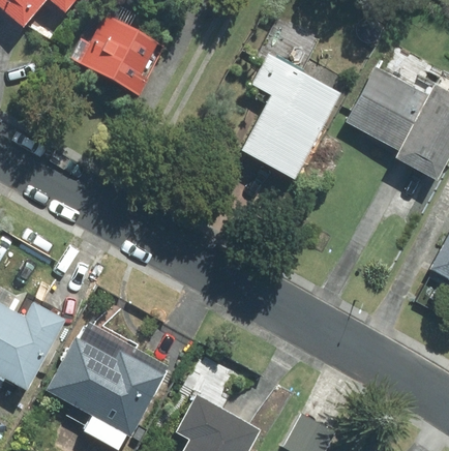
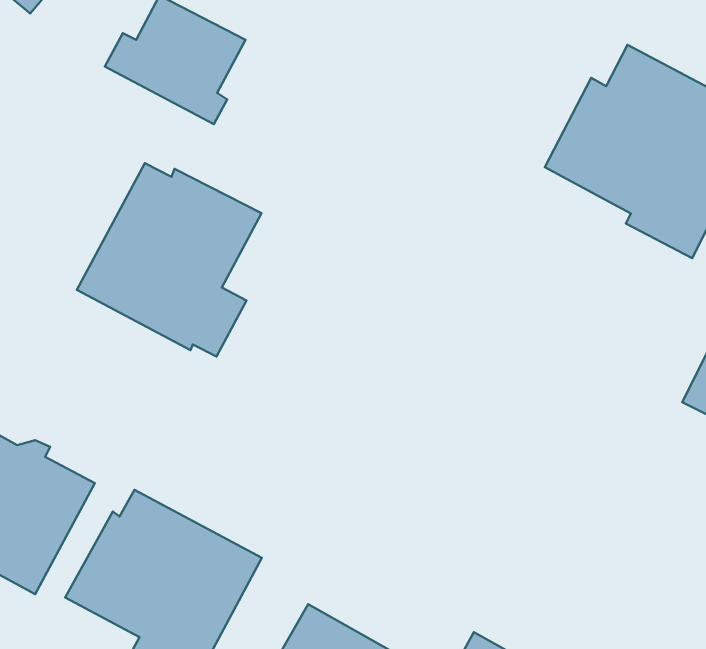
building: [243,56,340,177] -> none
building: none -> [77,163,261,356]

